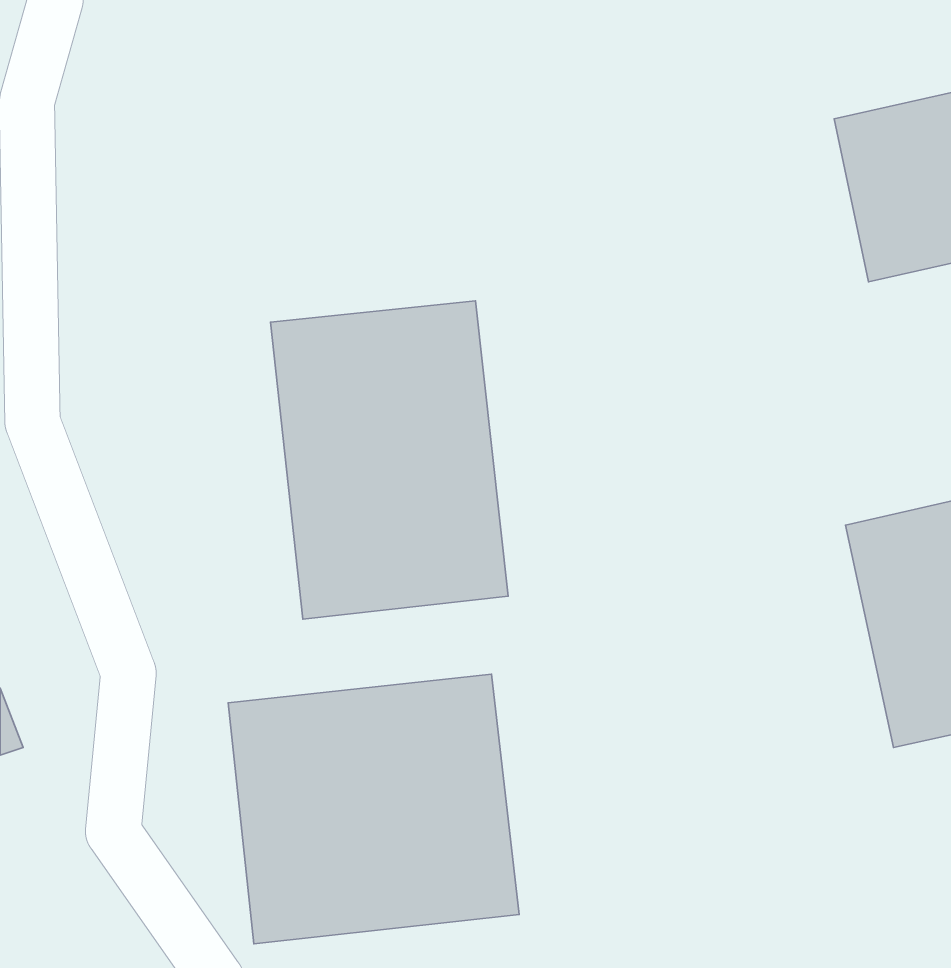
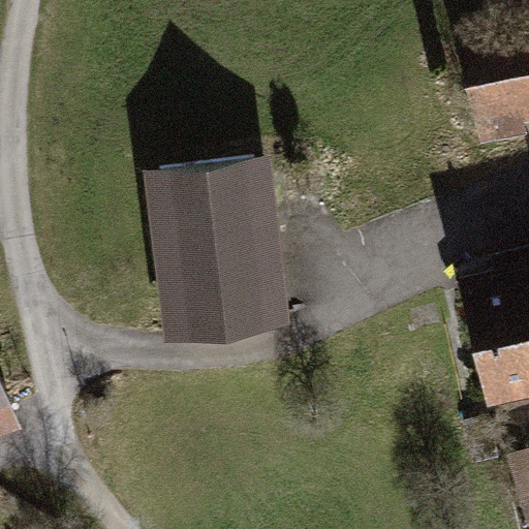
building: [228,674,519,944] -> none

